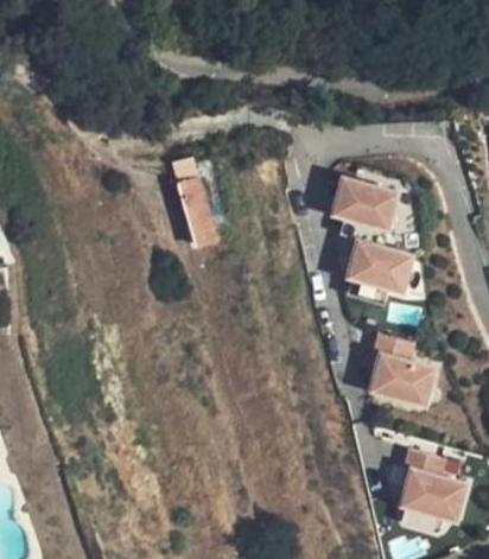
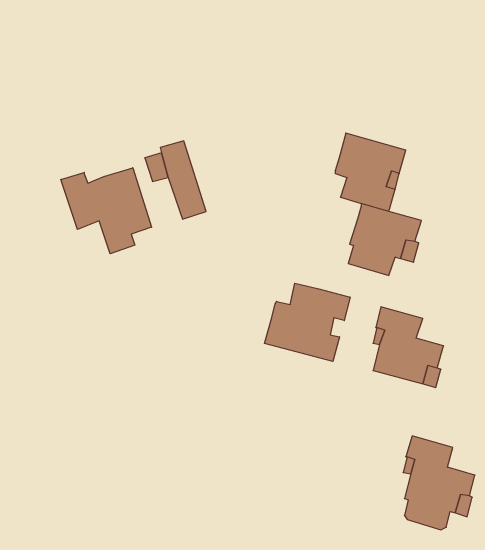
building: none -> [61,168,152,254]
building: none -> [264,283,350,361]

